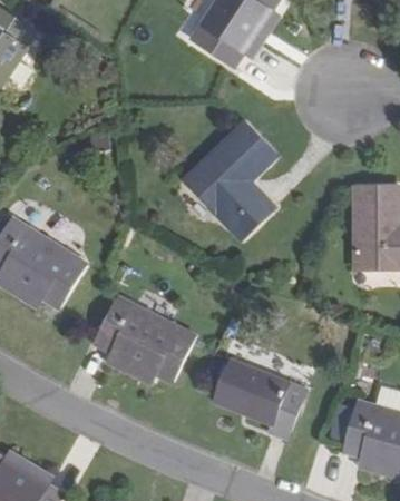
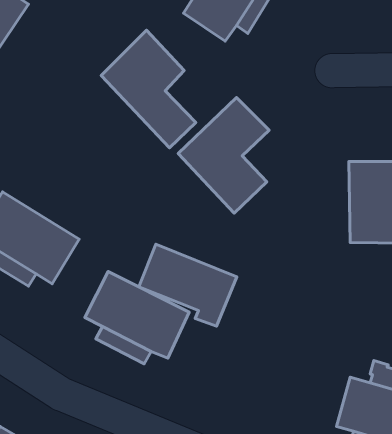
building: none -> [101,30,196,148]
building: [212,357,309,439] -> [139,244,237,326]

